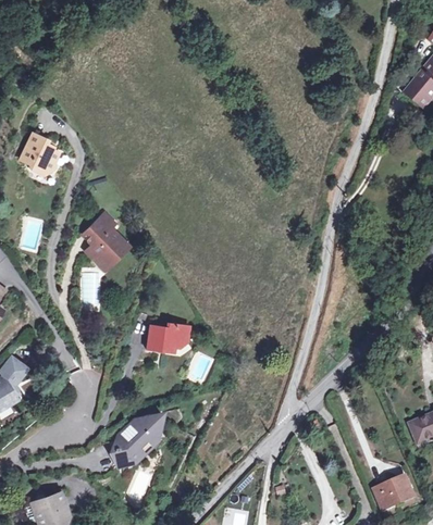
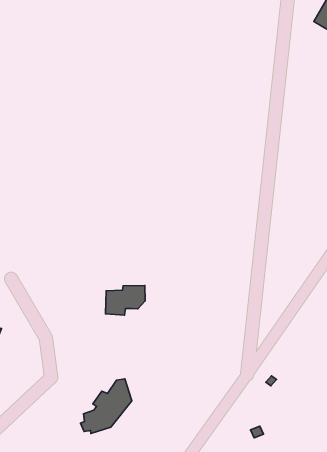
building: [86,214,132,265] -> none

